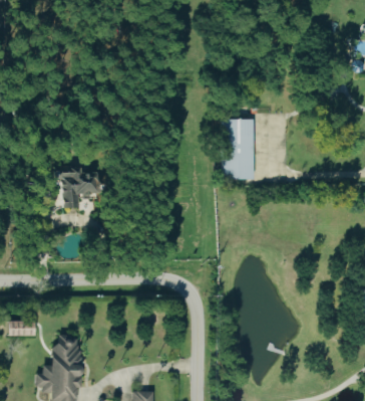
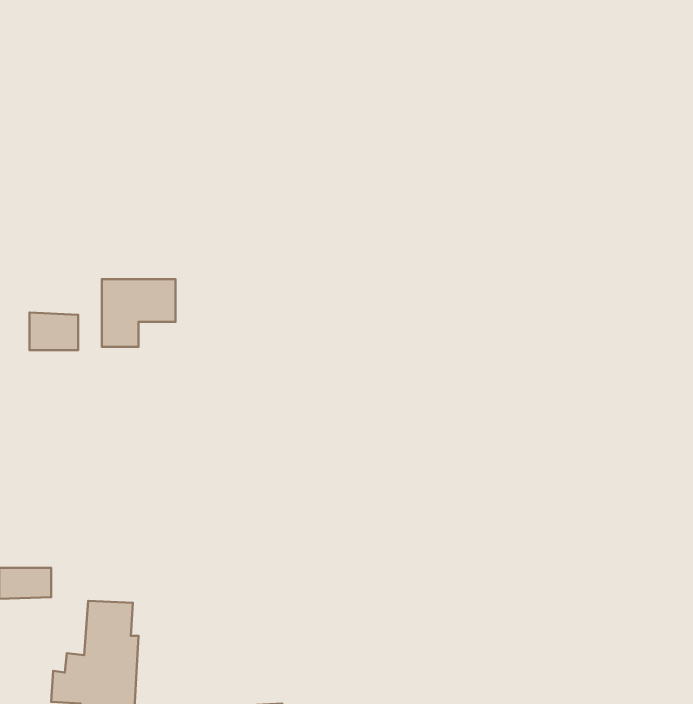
building: [223,120,255,178] -> none
building: none -> [29,312,78,350]

